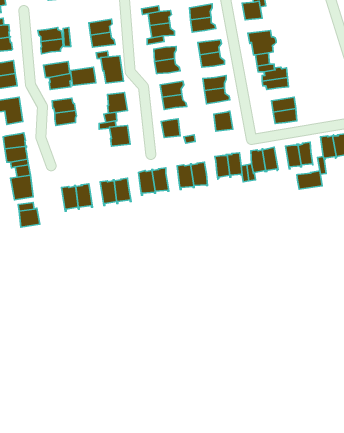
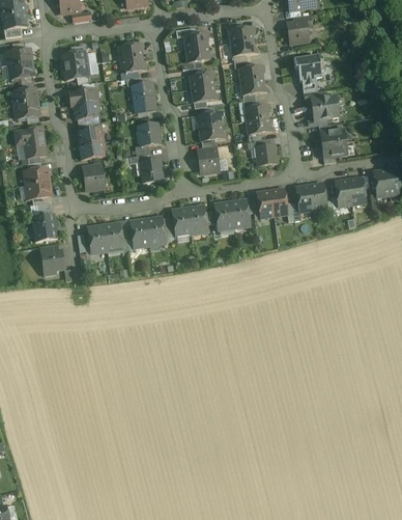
building: [71,67,96,85] -> none
building: none -> [83,163,105,190]
building: [297,171,322,189] -> none

